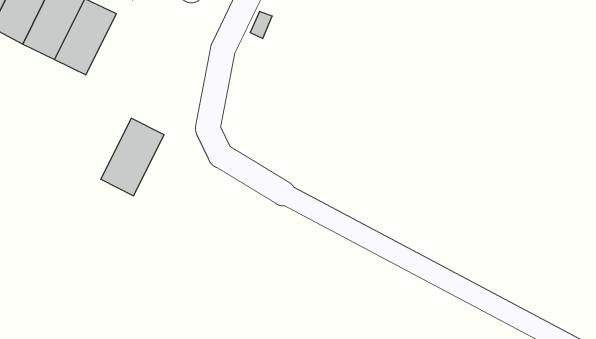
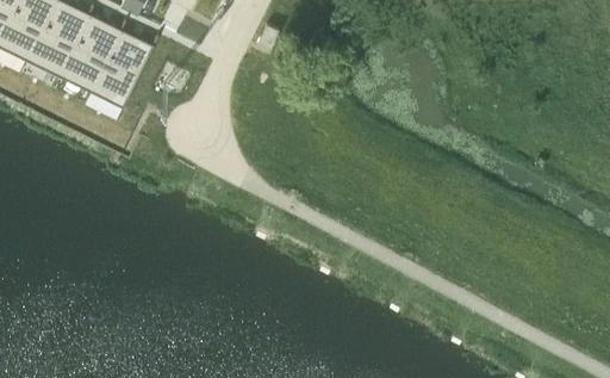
building: [101,118,164,196] -> [88,25,152,104]

